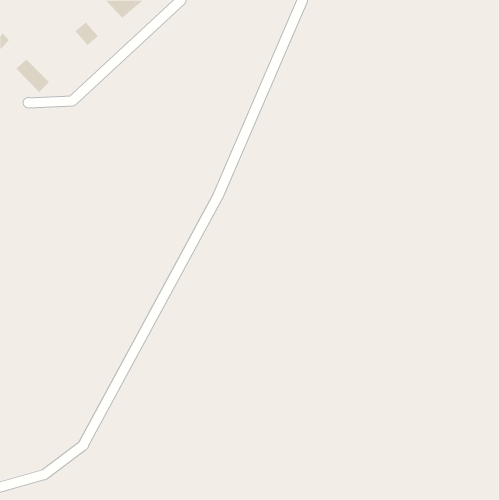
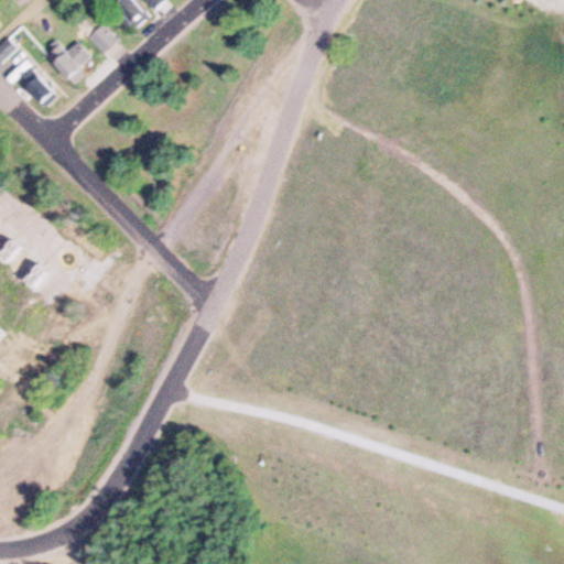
building: none -> [51,41,88,78]

